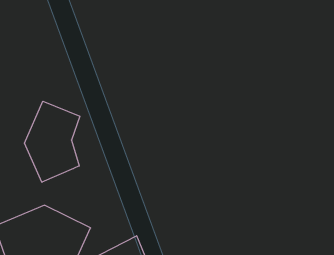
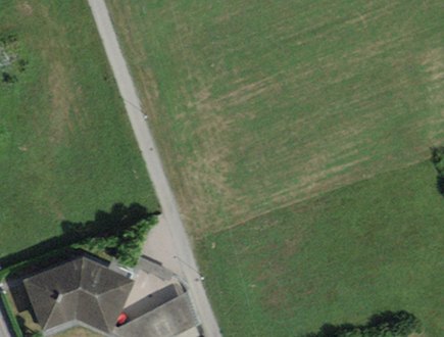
building: [25,101,80,182] -> none

